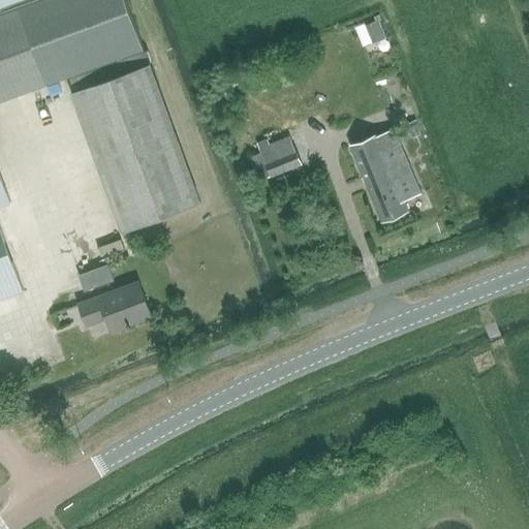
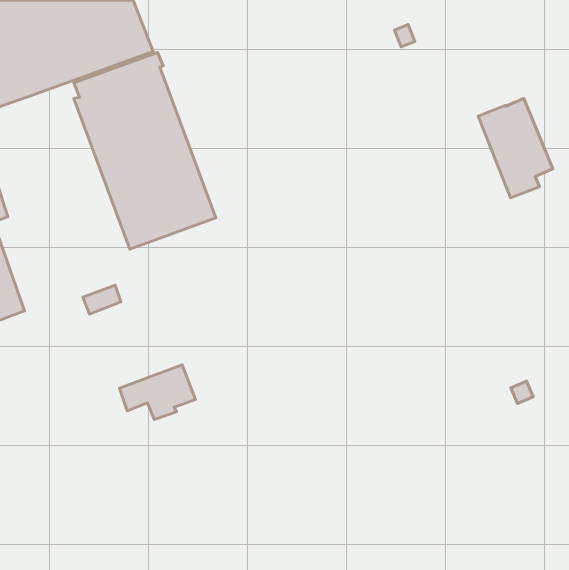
building: [349,129,418,221] -> [478,98,553,198]
building: [255,136,300,177] -> none
building: [79,284,149,335] -> [119,365,195,420]

